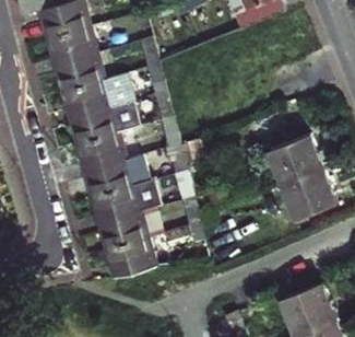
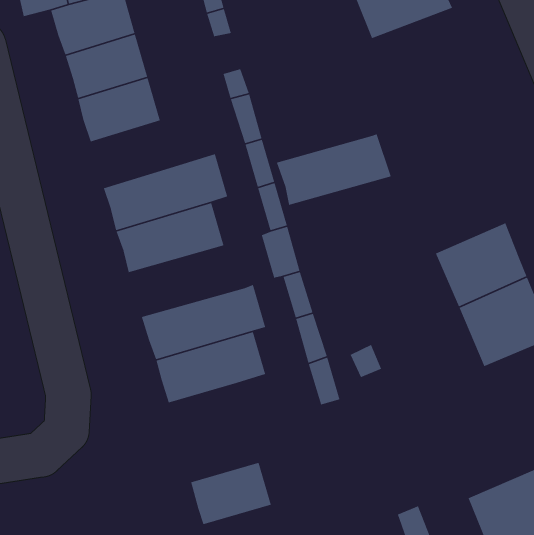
building: [60,78,110,118] -> none
building: [83,152,153,196] -> [276,133,392,206]
building: [107,236,156,275] -> [190,462,272,525]

